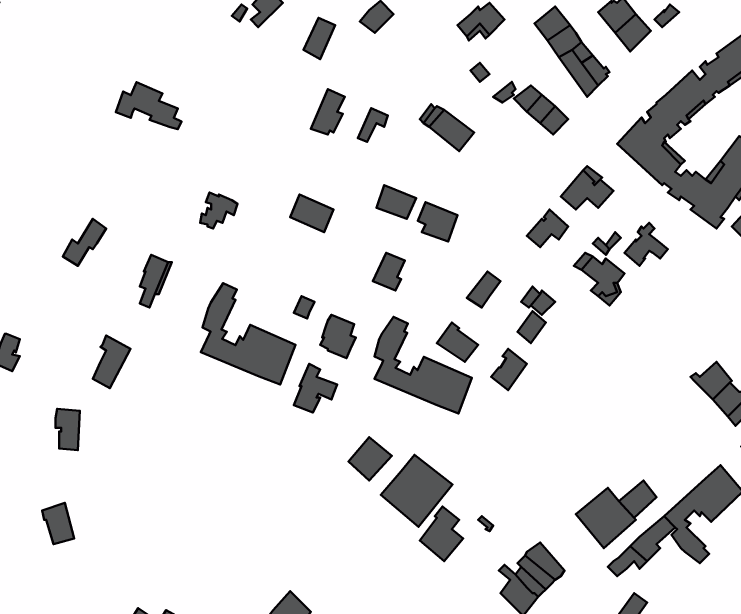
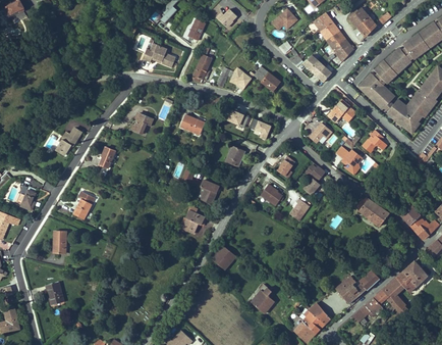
building: [116,82,181,129] -> [142,43,177,68]
building: [201,283,295,385] -> none
building: [374,317,472,414] -> none
building: none -> [355,198,389,226]
building: [381,455,452,527] -> none

